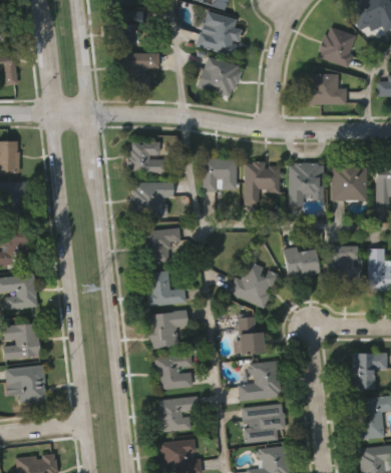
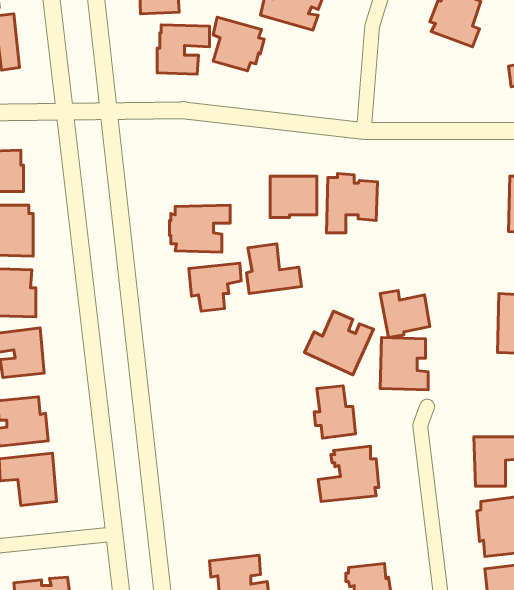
building: [204,56,241,95] -> [213,17,264,71]
building: [305,74,345,105] -> none
building: [125,141,166,173] -> none
building: [288,162,325,205] -> none
building: [332,163,368,198] -> none
building: [326,245,361,283] -> [380,337,428,390]
building: [146,270,186,306] -> [247,244,302,293]
building: [147,309,187,347] -> none
building: [154,351,192,388] -> none
building: [157,396,201,433] -> none
building: [242,404,286,442] -> none

